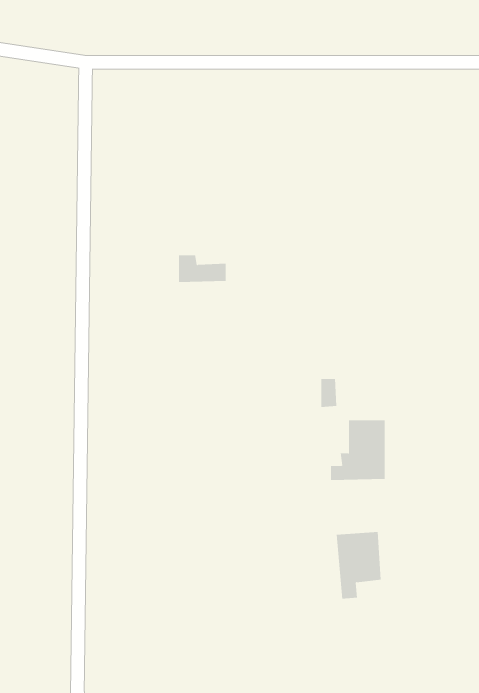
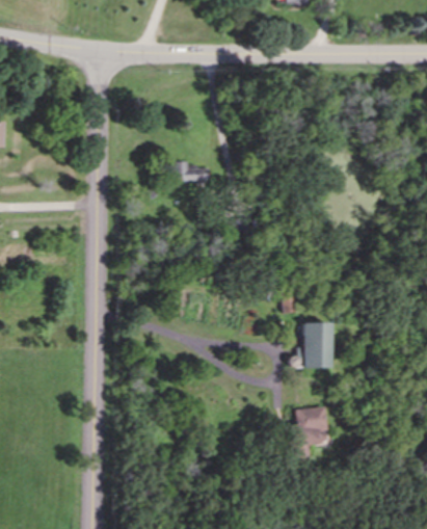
building: [178,255,226,283] -> [175,161,211,182]

